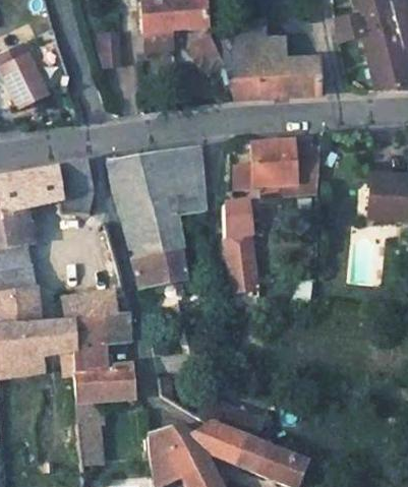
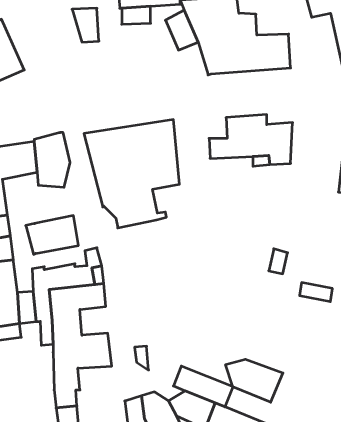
building: [223,199,261,309] -> none
building: [132,248,186,288] -> [26,216,78,254]
building: none -> [226,359,283,402]

